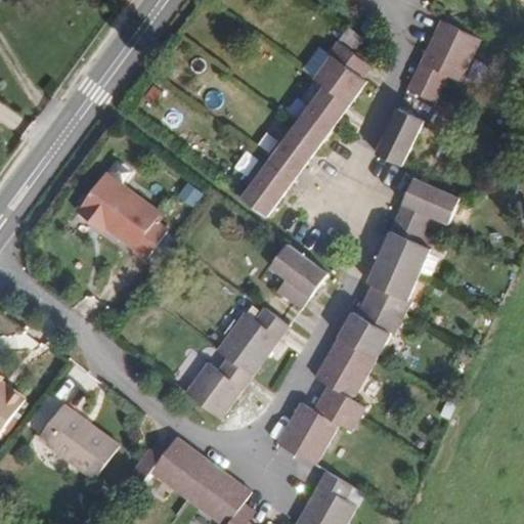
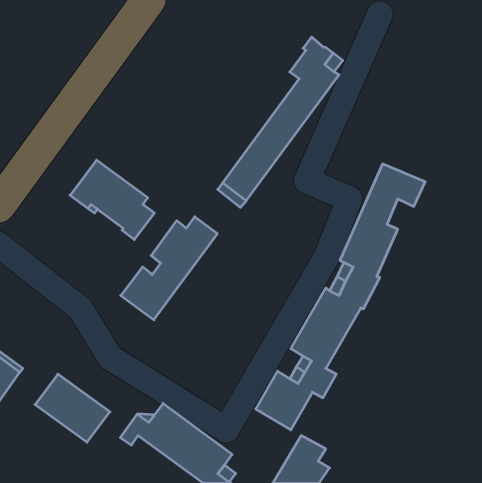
building: [406,19,480,101] -> none
building: [376,107,423,165] -> none
building: [270,244,326,308] -> none
building: [184,307,289,419] -> [121,217,217,320]

